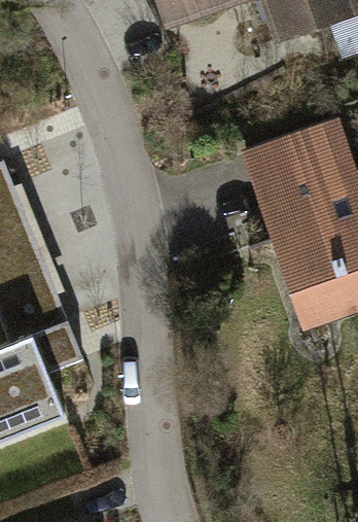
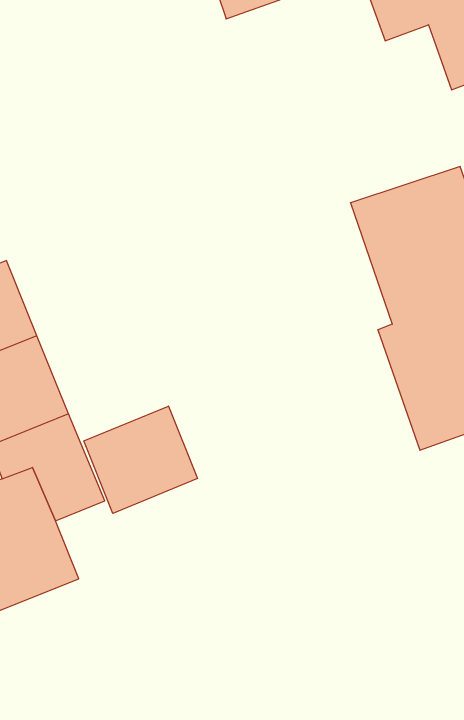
building: none -> [84,406,198,513]

